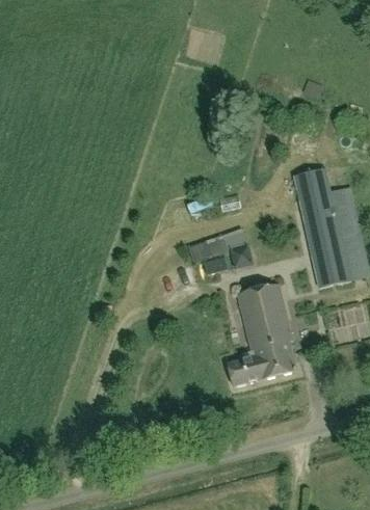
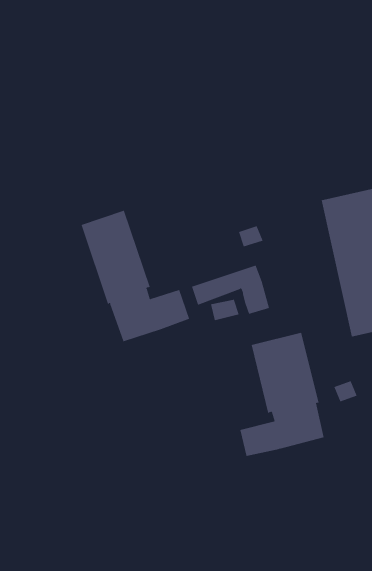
building: none -> [81,210,190,342]

